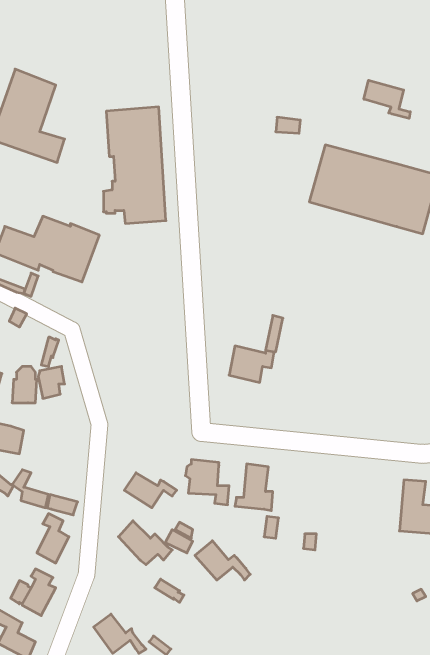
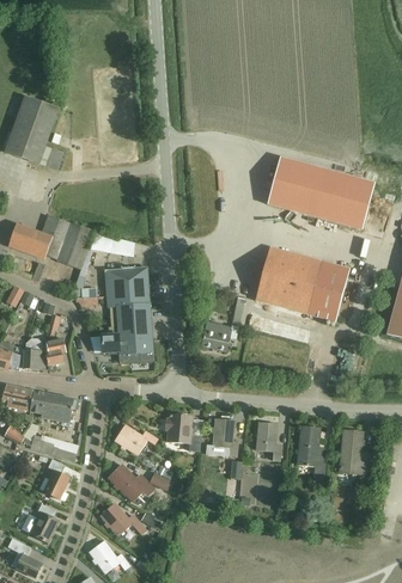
building: [364,80,410,118] -> none
building: [103,107,166,223] -> [102,266,153,362]
building: none -> [255,247,349,321]
building: none -> [30,391,74,423]
building: none -> [256,423,281,461]
building: none -> [298,426,325,483]
building: [195,541,250,580] -> [100,503,146,535]

